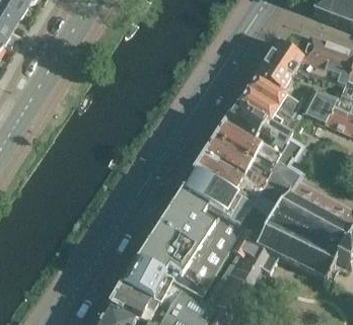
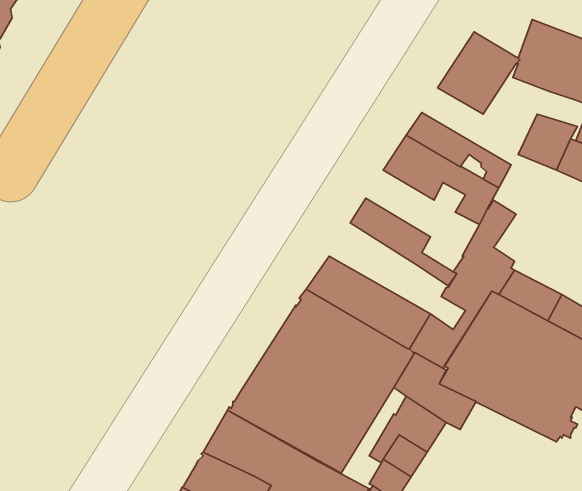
building: [246,74,301,118] -> none
building: [214,121,280,171] -> none
building: [193,152,256,205] -> none

